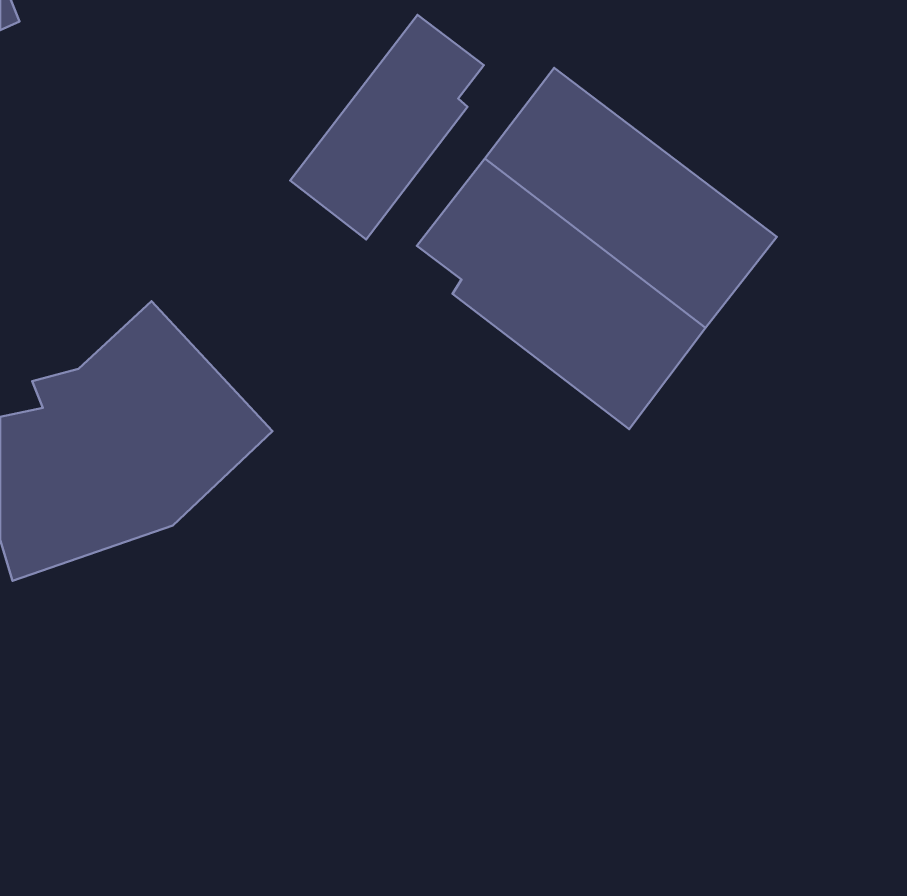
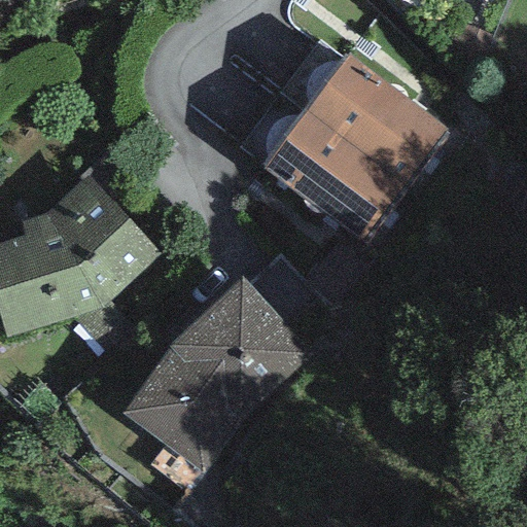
building: [290,15,484,240] -> none
building: none -> [125,283,311,468]

